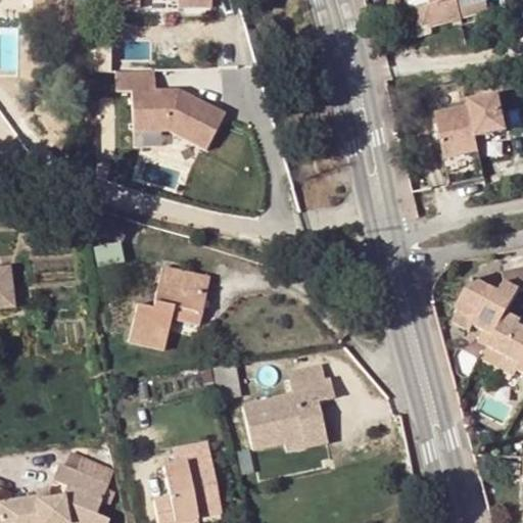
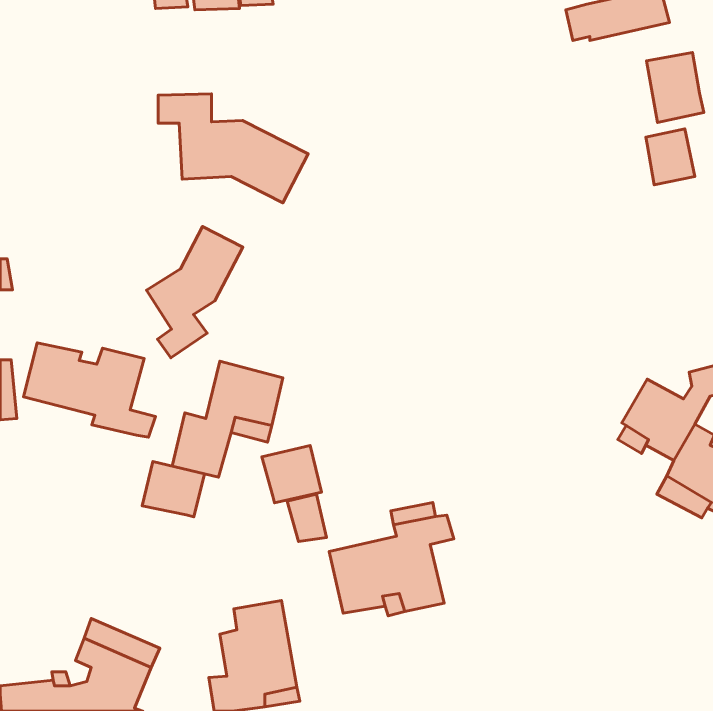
building: [440,105,482,156] -> [646,52,704,122]
building: none -> [147,227,243,358]
building: none -> [23,343,156,437]
building: none -> [262,446,321,503]
building: none -> [142,461,205,517]

